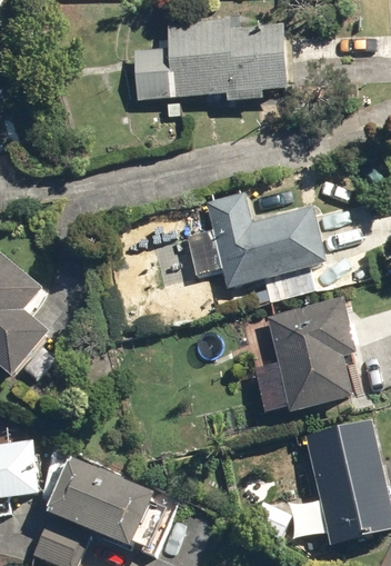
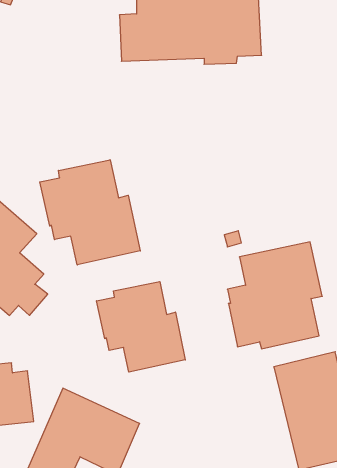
building: [183,189,328,288] -> none
building: none -> [40,160,140,265]
building: none -> [97,282,185,372]

